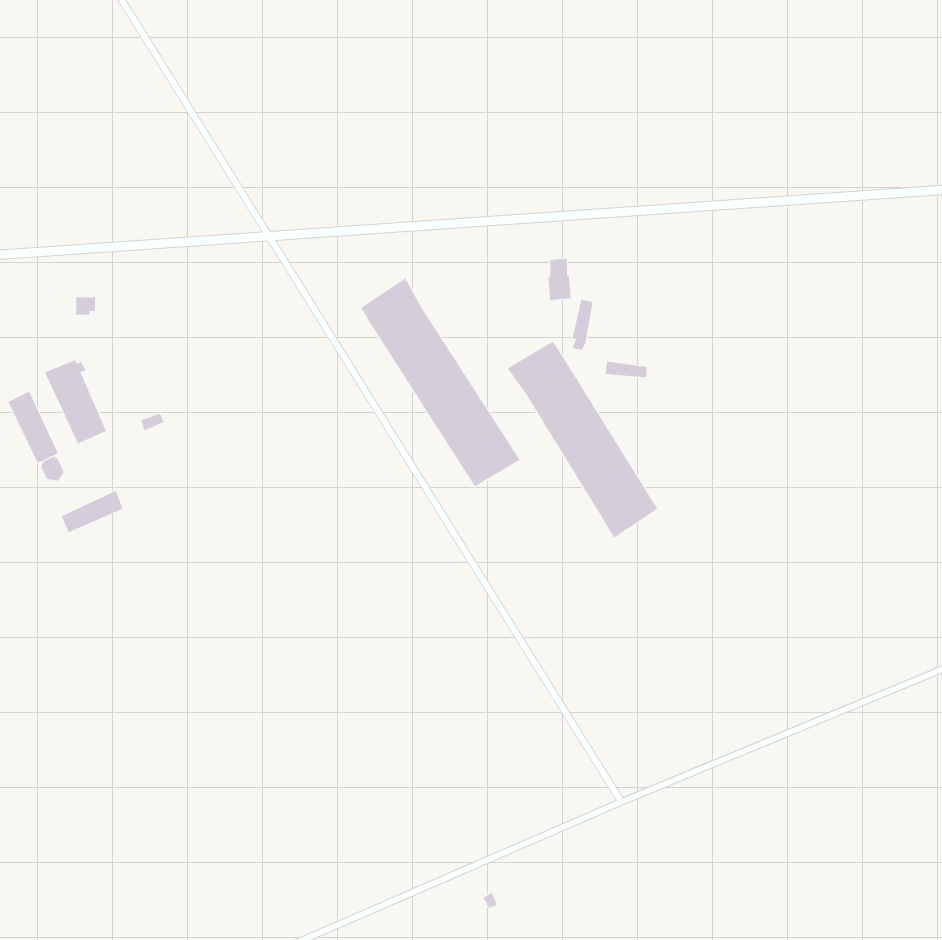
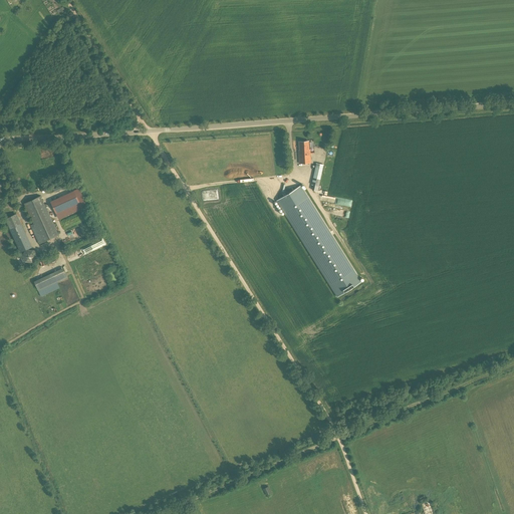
building: [361,278,520,487] -> none
building: none -> [49,189,87,220]

